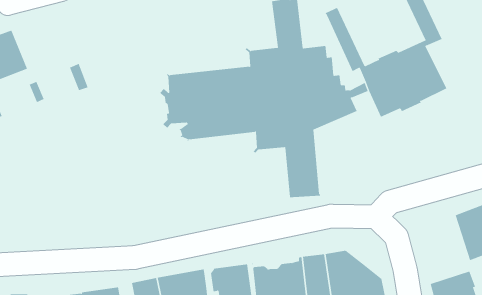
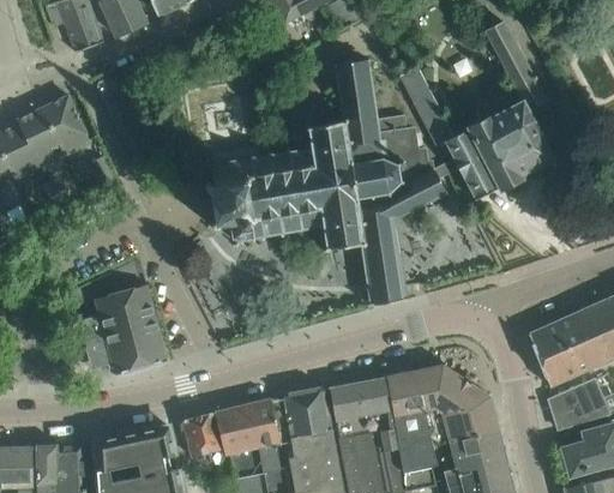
building: none -> [17,95,90,167]
building: none -> [83,284,167,375]
building: none -> [530,313,595,386]

